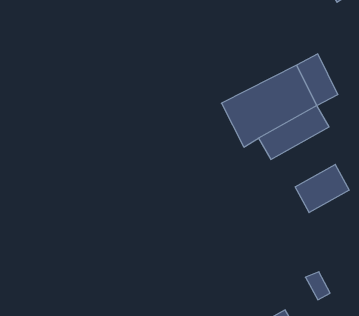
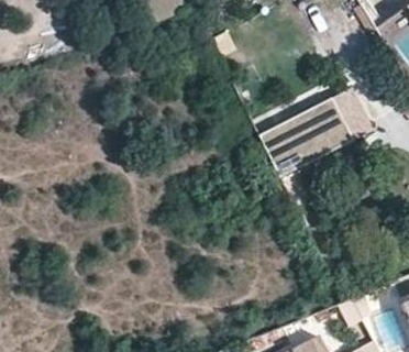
building: [295,164,349,213] -> none

